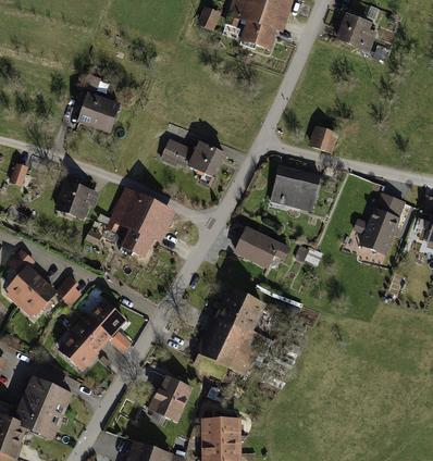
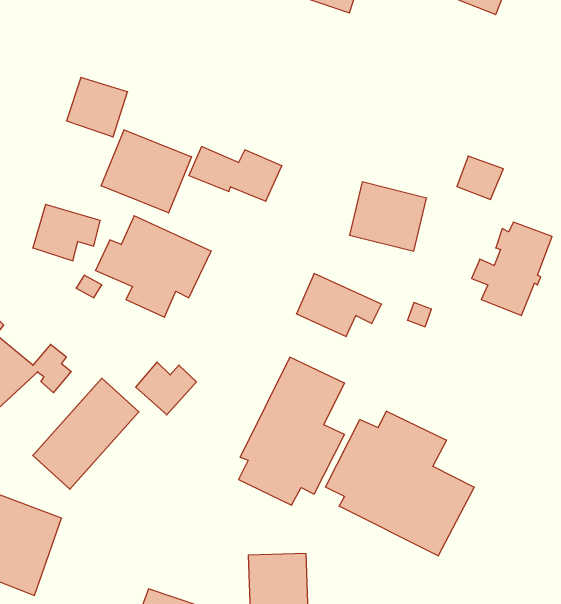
building: [308,125,339,154] -> [457,156,503,200]
building: none -> [101,130,192,213]
building: none -> [136,362,196,415]
building: none -> [325,411,474,556]
building: [150,374,194,421] -> none

